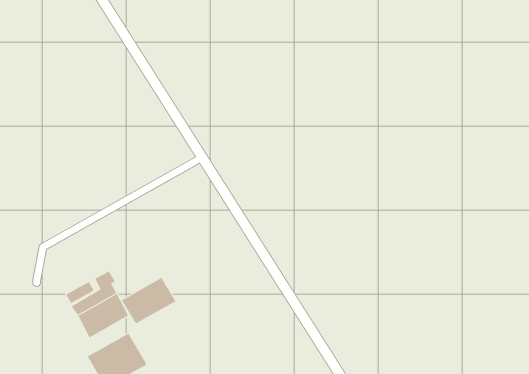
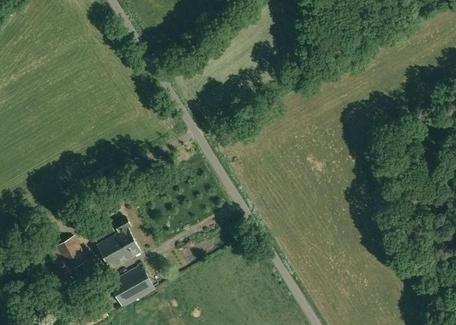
building: [121,277,176,324] -> none
building: none -> [49,237,89,275]

